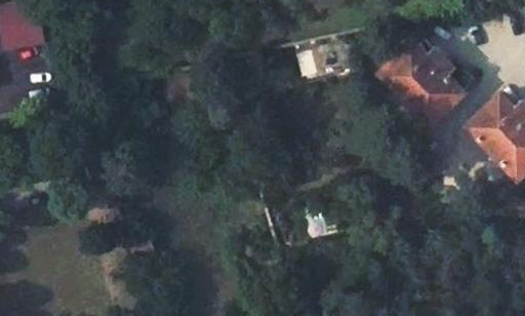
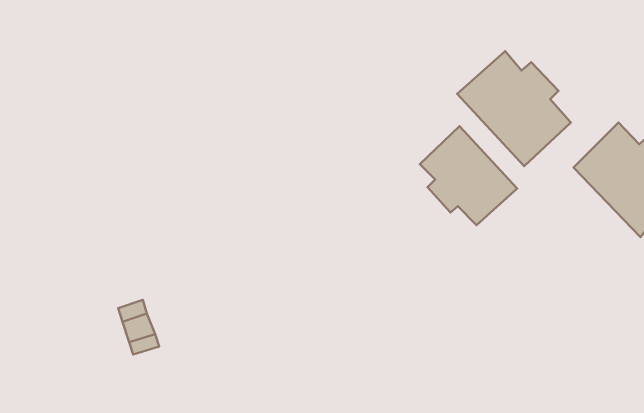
building: none -> [420,126,517,225]

